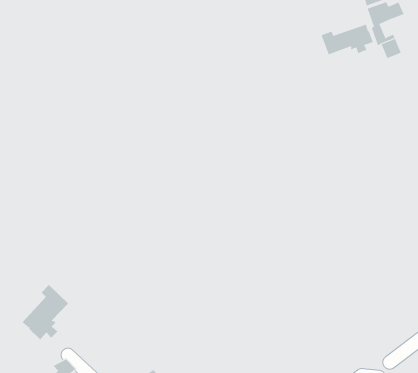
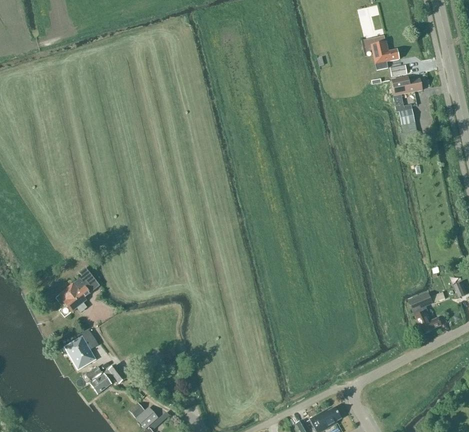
building: [321,24,374,55] -> none

